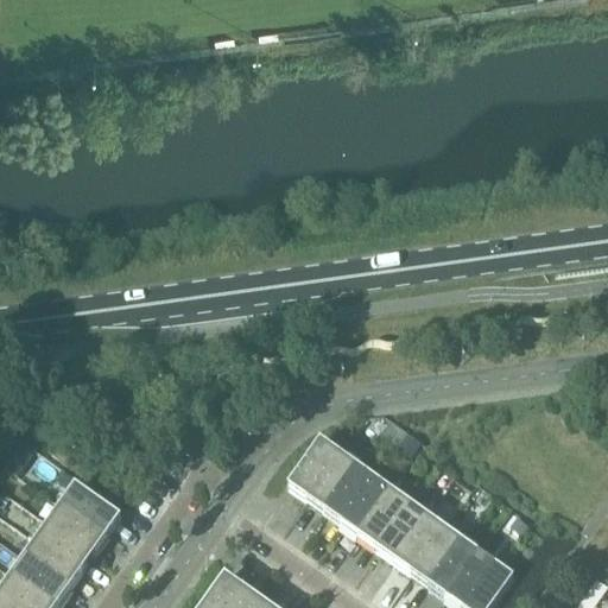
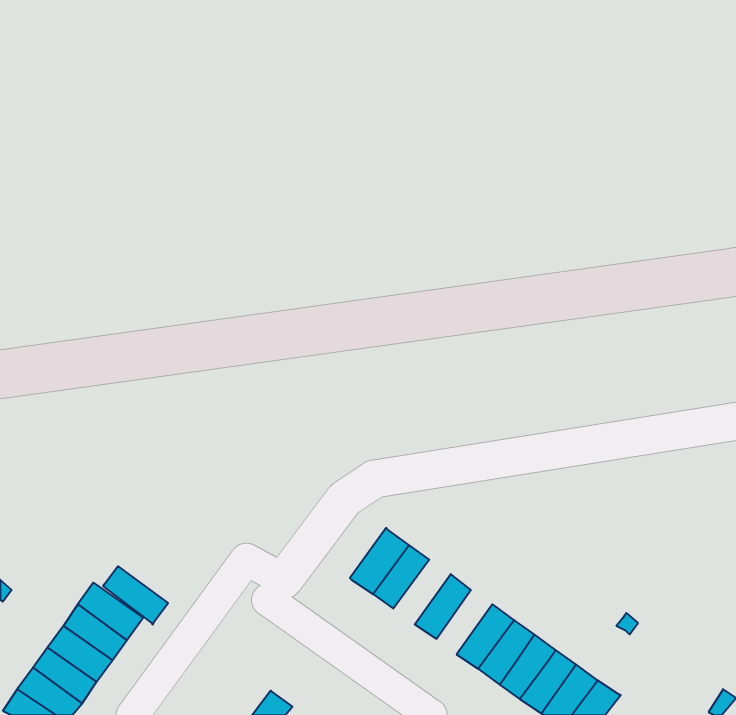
building: [324,462,372,515] -> none
building: none -> [103,566,168,625]
building: [360,487,406,540] -> none

